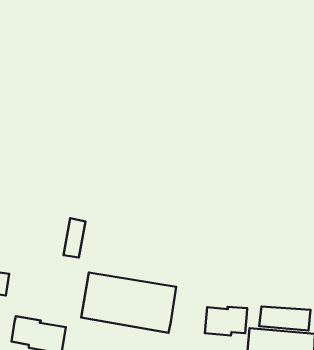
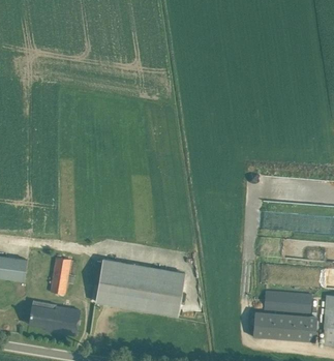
building: [64,218,85,257] -> [50,258,70,295]
building: [205,307,247,335] -> none

